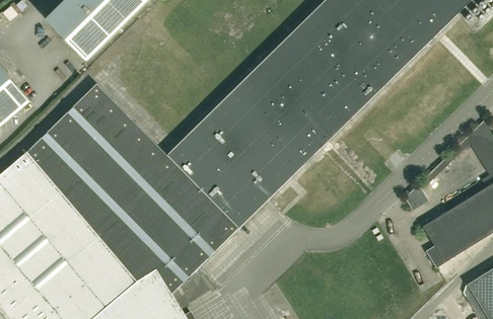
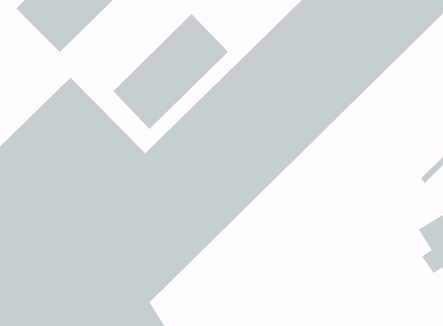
building: none -> [112,13,229,130]

